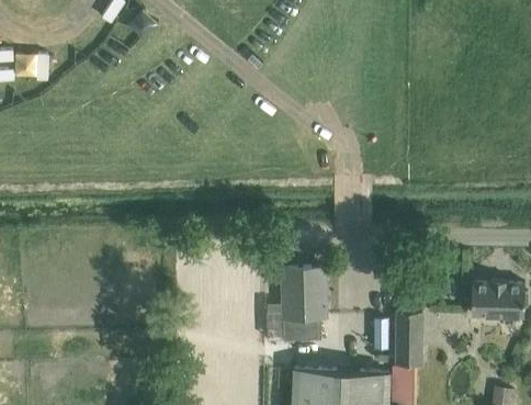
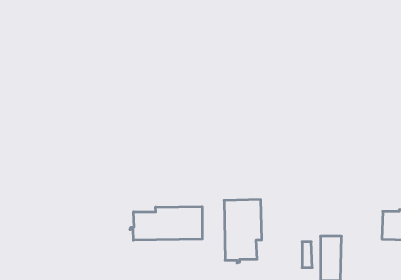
building: none -> [130,207,202,240]

